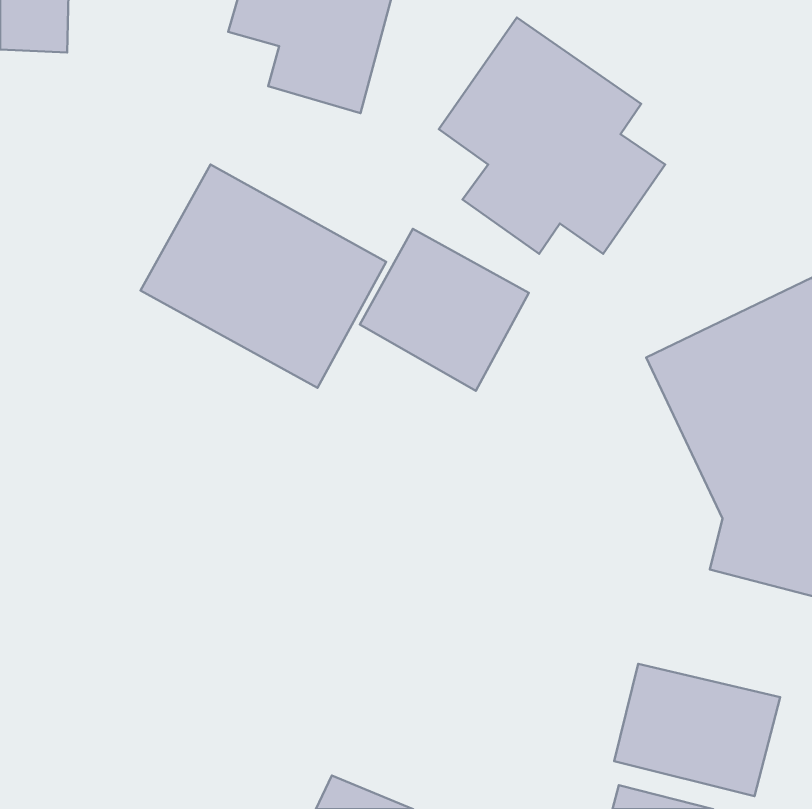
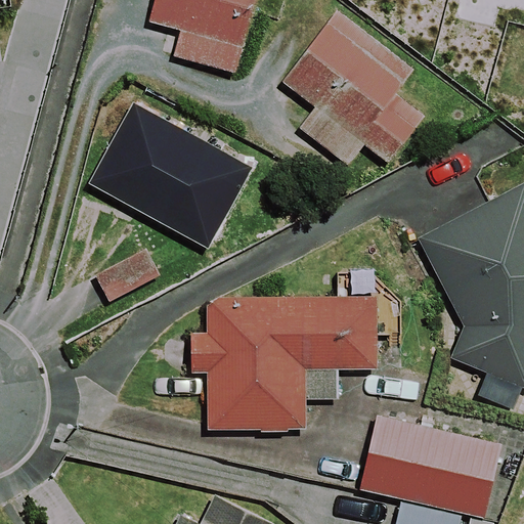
building: [360,229,529,391] -> none
building: none -> [190,296,377,431]

